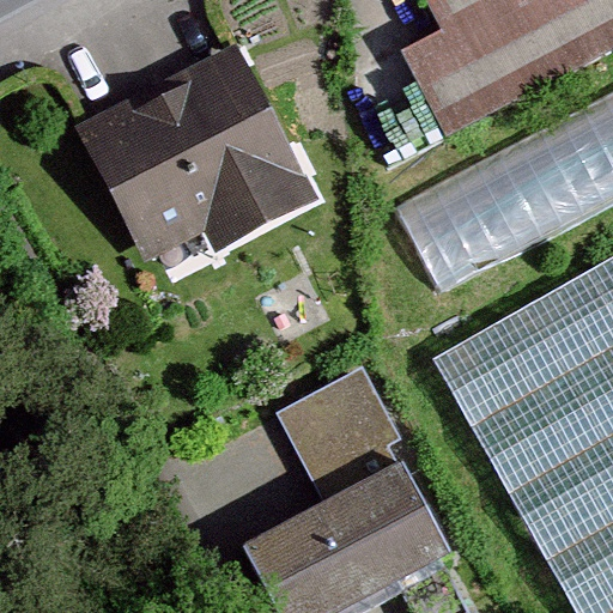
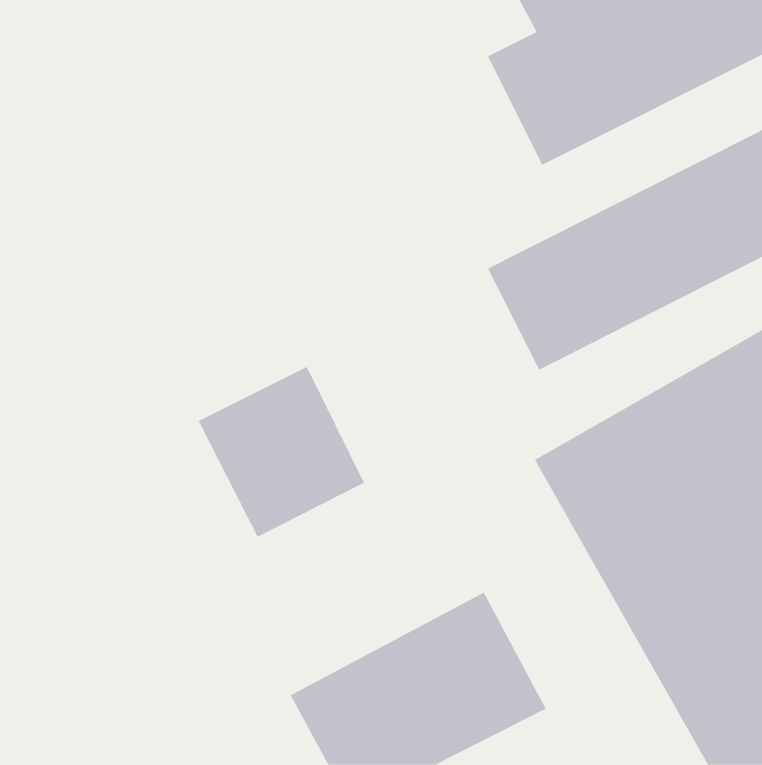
building: [86,44,321,255] -> none
building: [291,354,423,490] -> [198,366,365,538]

